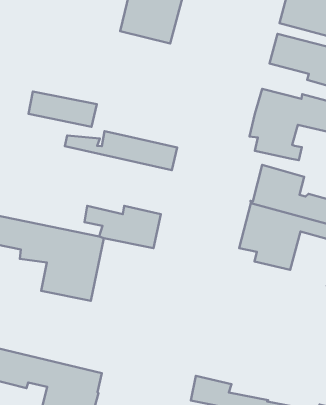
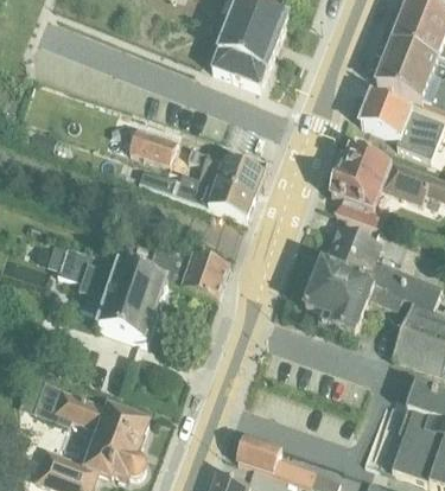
building: none -> [186,144,263,197]

